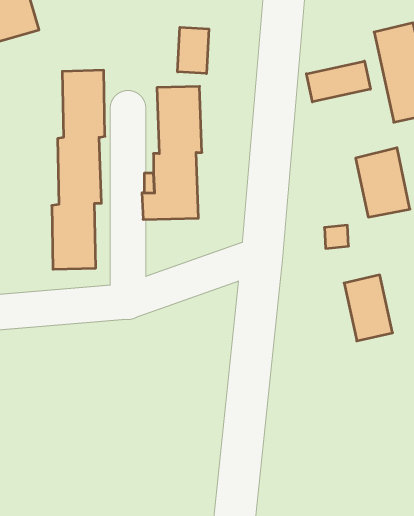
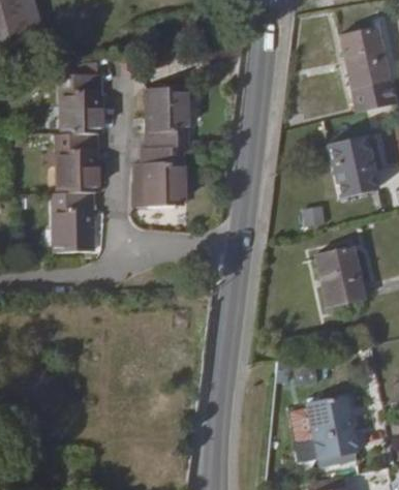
building: [178,27,209,74] -> none
building: [306,61,370,102] -> none
building: none -> [299,397,350,460]

